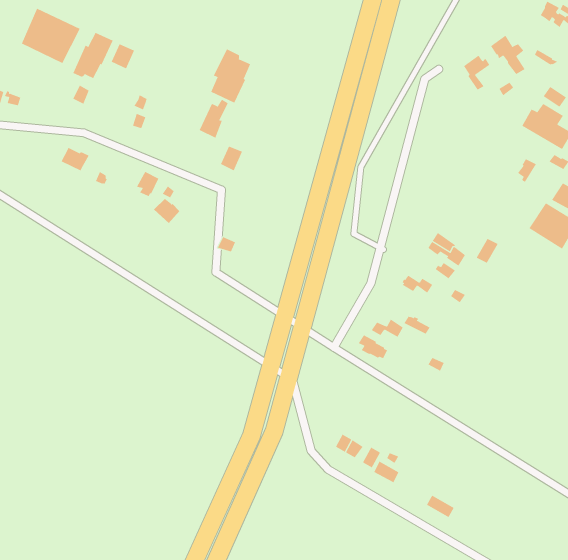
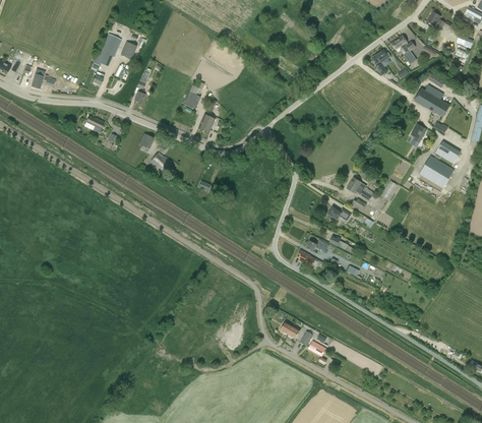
building: [21,8,81,64] -> none
building: [211,48,251,103] -> none

